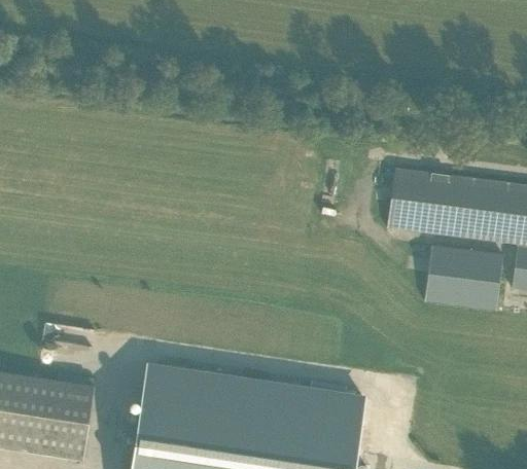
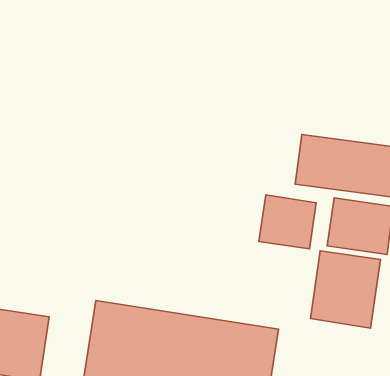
building: none -> [259,195,316,249]
building: none -> [311,251,381,328]

